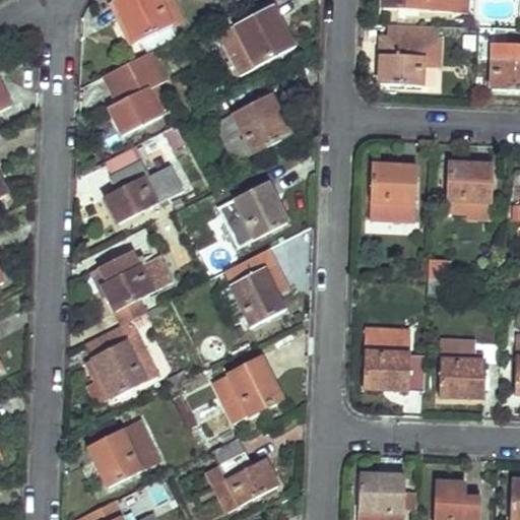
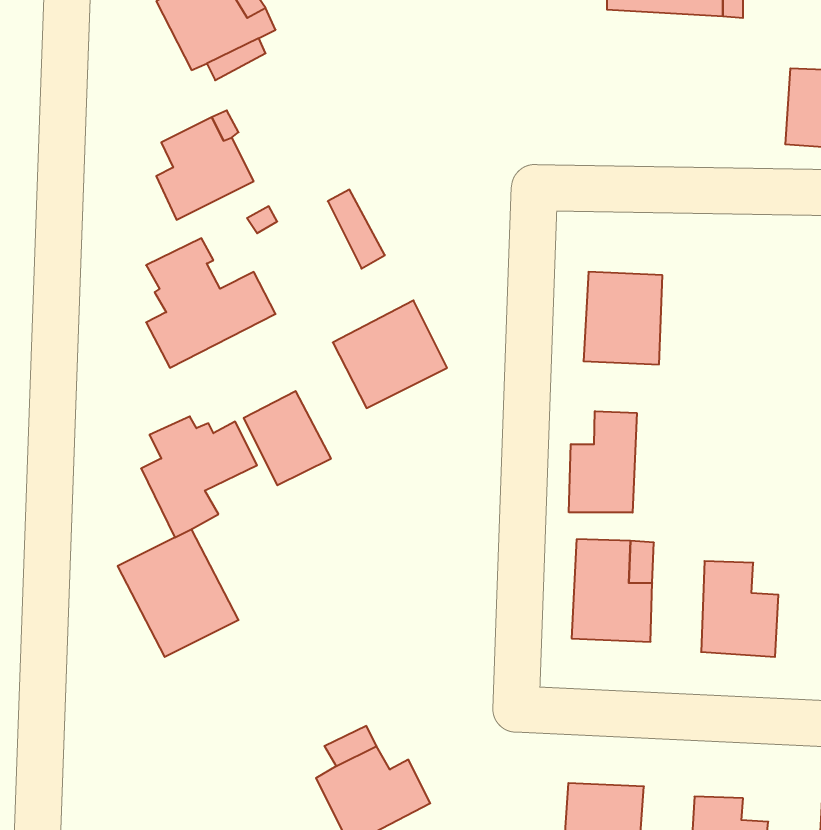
building: [220,6,291,72] -> none
building: [380,22,444,85] -> none
building: [233,100,289,152] -> none
building: [445,161,492,213] -> none
building: none -> [569,411,637,513]
building: [231,269,283,326] -> [244,391,331,485]
building: [213,358,280,422] -> none
building: [88,417,164,486] -> none

